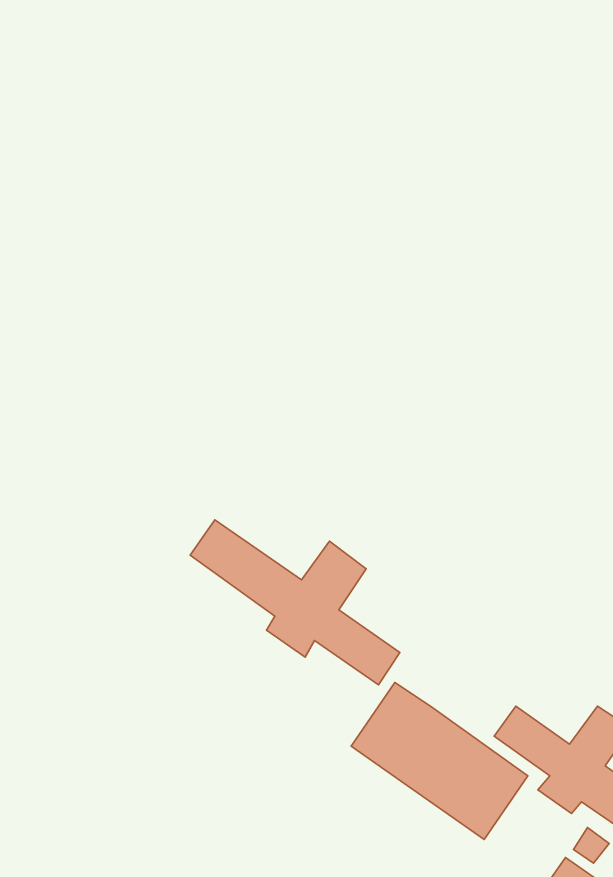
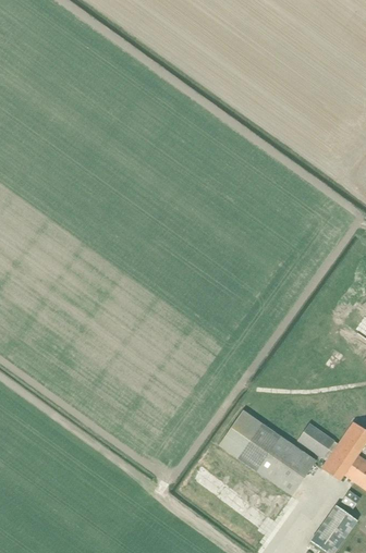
building: [190,520,400,685] -> none

